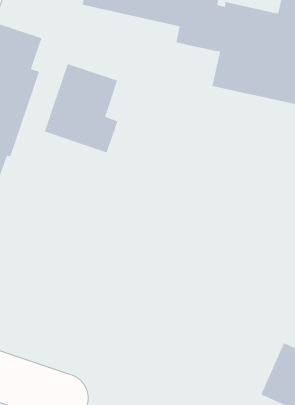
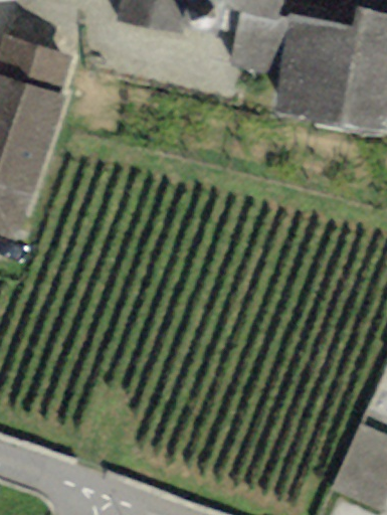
building: [44,63,118,153] -> none

